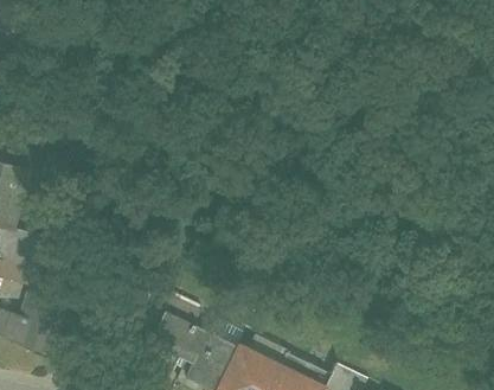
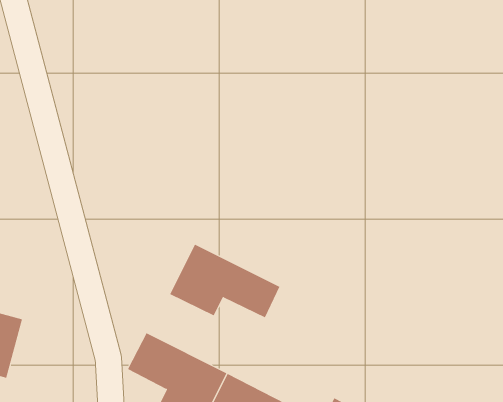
building: none -> [169,244,280,318]

